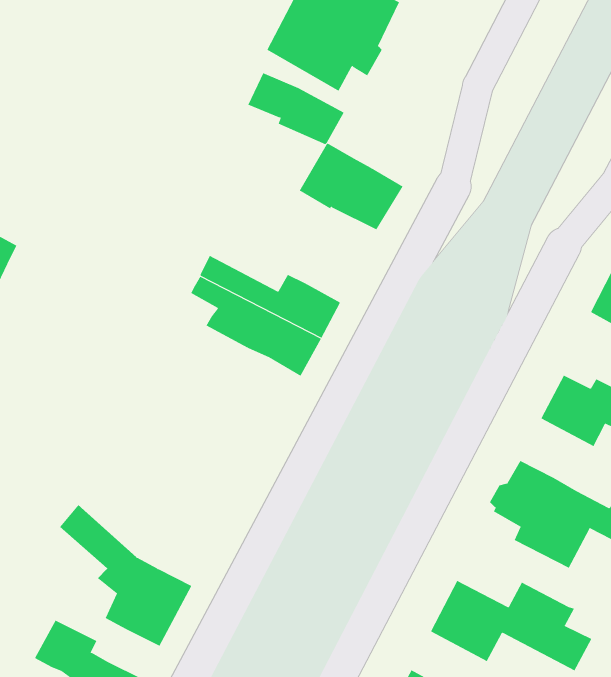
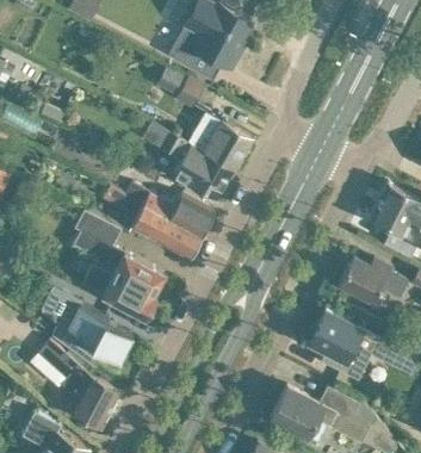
building: none -> [146,123,237,203]
building: none -> [75,211,163,316]
building: none -> [43,291,134,367]

